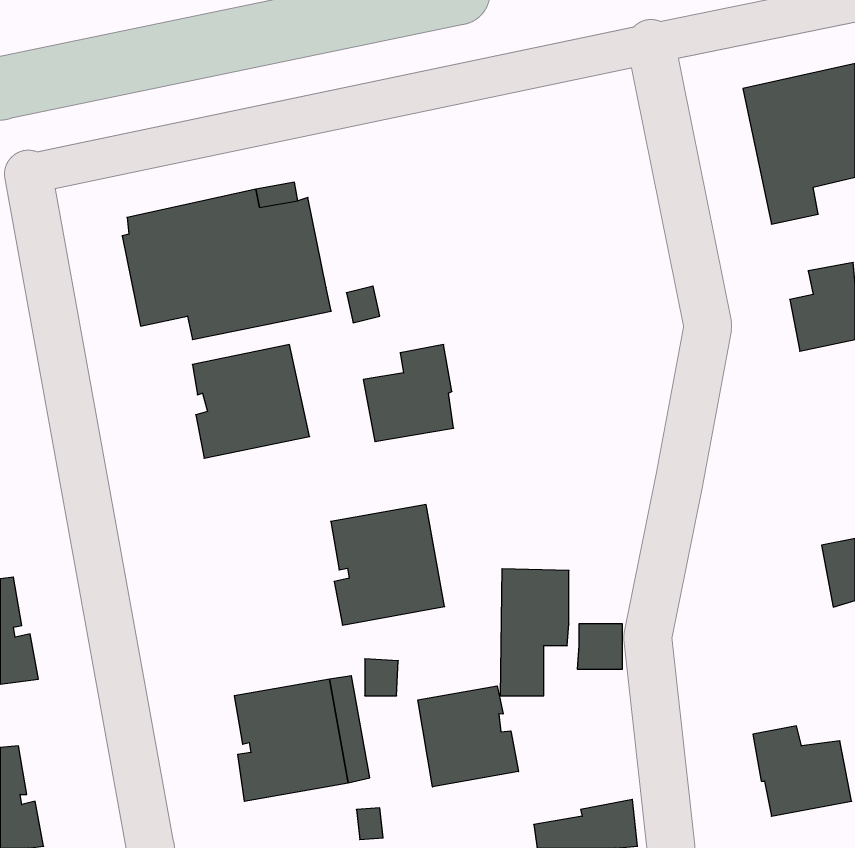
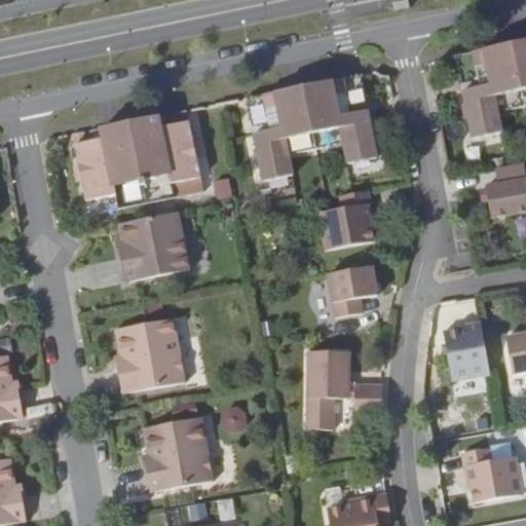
building: none -> [248,74,377,181]
building: [363,345,454,442] -> [318,190,374,250]
building: none -> [328,266,378,317]
building: [331,505,445,625] -> [115,318,185,392]
building: none -> [443,321,489,379]
building: [418,686,518,787] -> none

